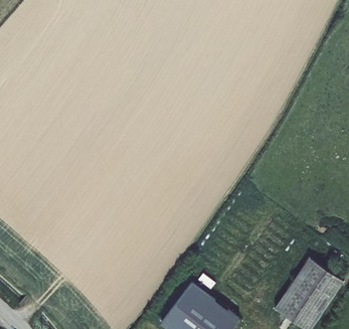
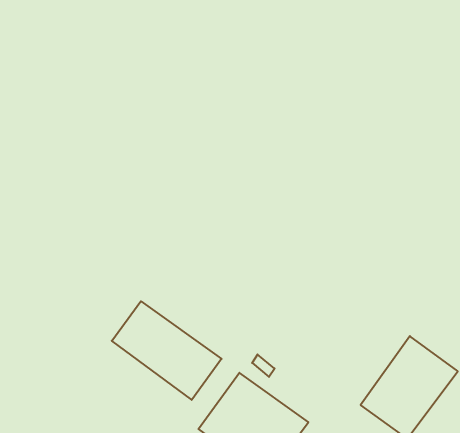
building: none -> [112,301,222,400]

